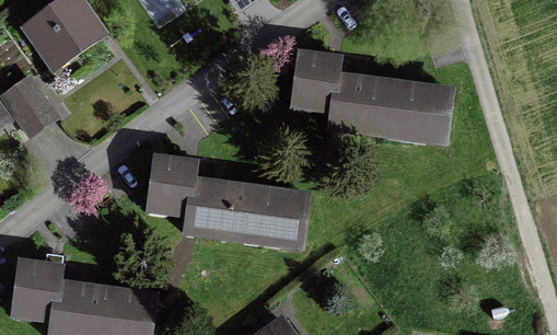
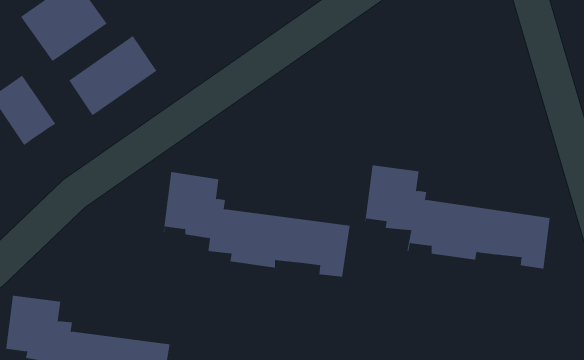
building: none -> [68,35,157,116]
building: [291,55,450,143] -> [364,165,551,269]

